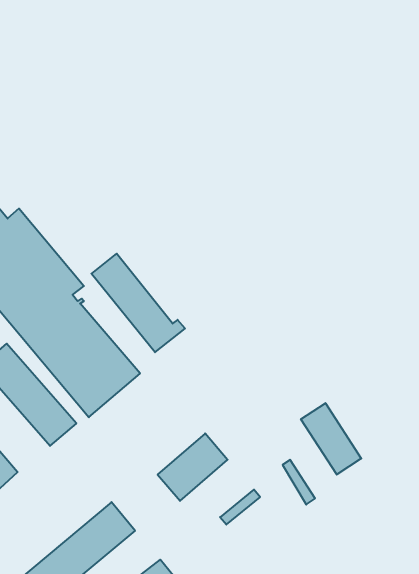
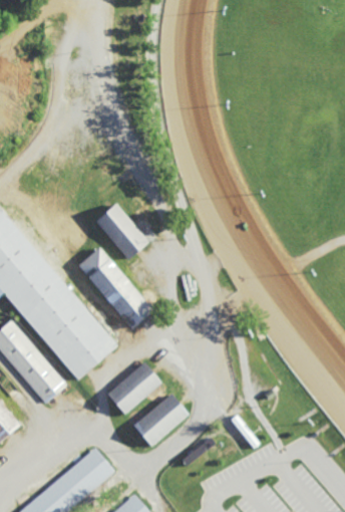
building: none -> [93,202,146,258]
building: none -> [105,361,160,415]
building: [301,403,361,475] -> none

